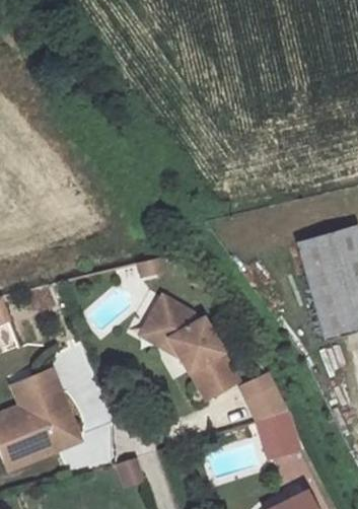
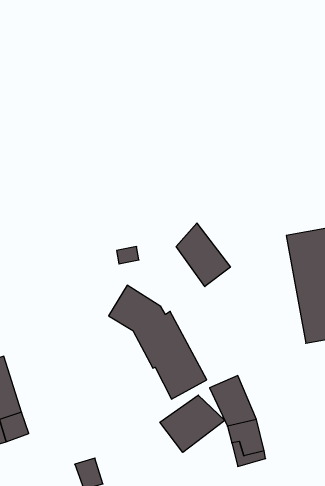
building: none -> [176,223,230,287]
building: none -> [160,395,225,452]

